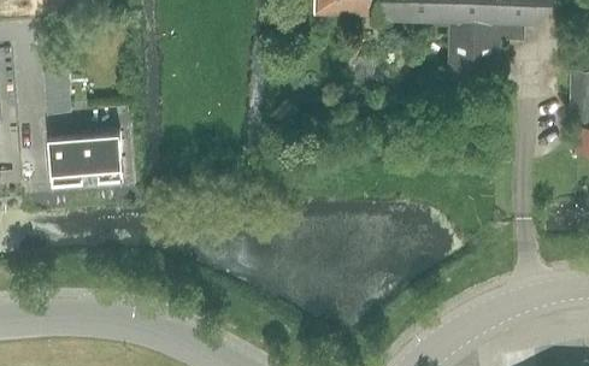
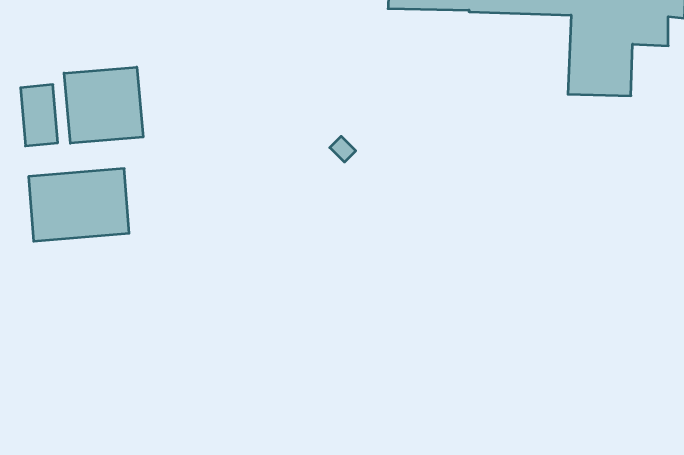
building: none -> [64,67,143,143]

